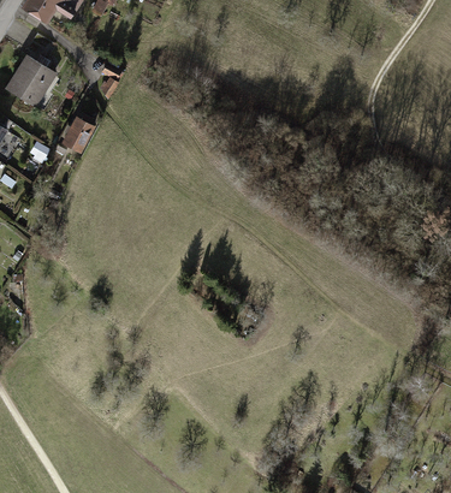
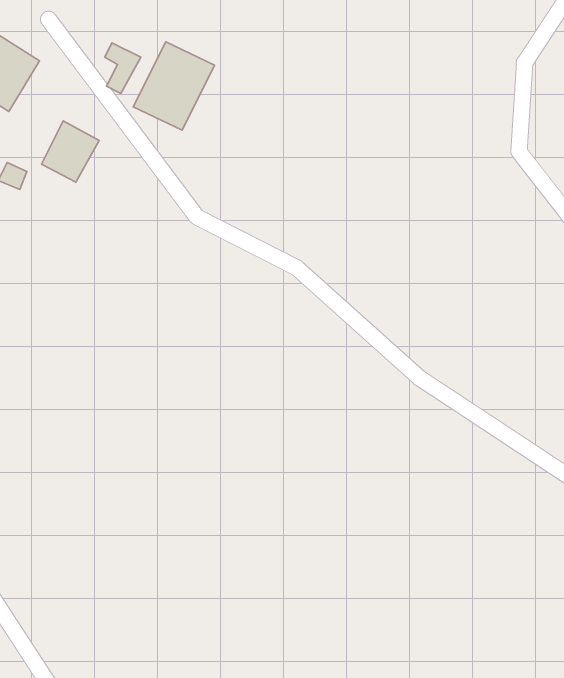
building: none -> [133,42,215,130]

